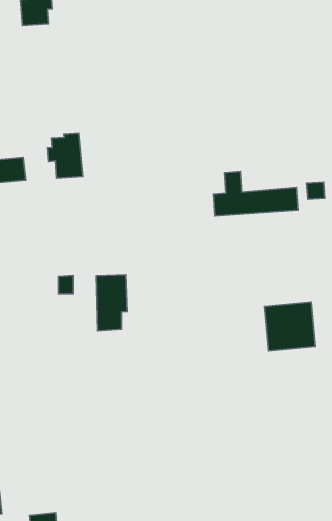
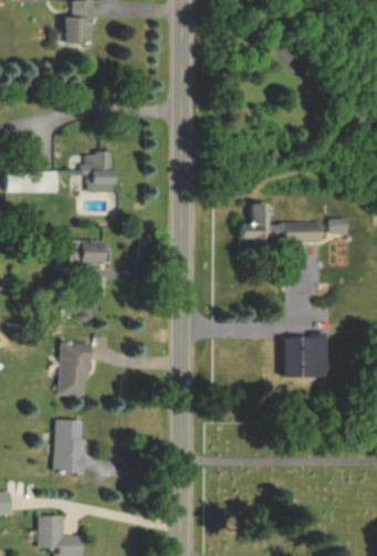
building: none -> [69,241,103,264]
building: [96,275,127,331] -> [60,344,91,397]
building: none -> [53,420,85,474]

